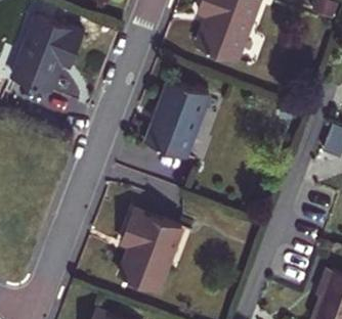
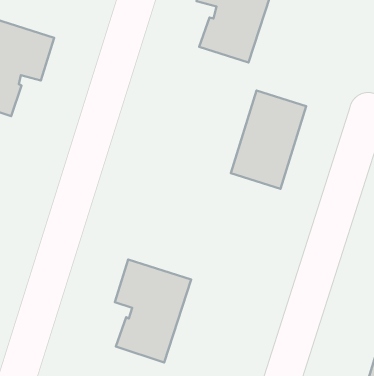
building: [147,81,209,158] -> [231,90,306,189]

